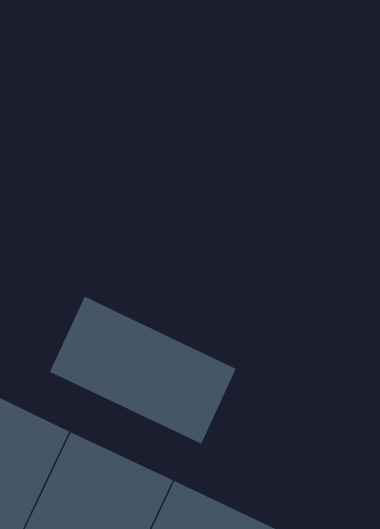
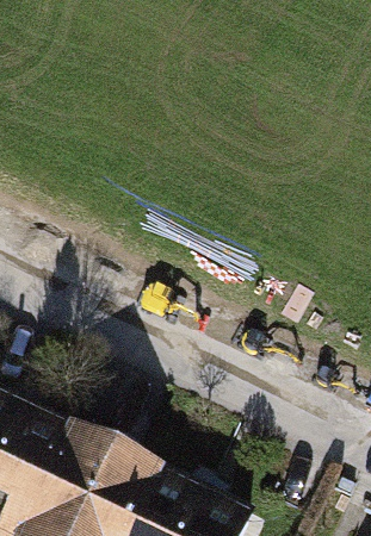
building: [49,296,237,445] -> none

